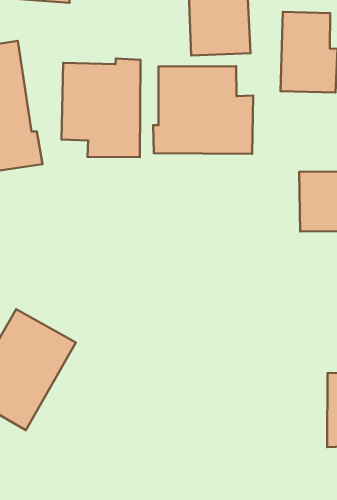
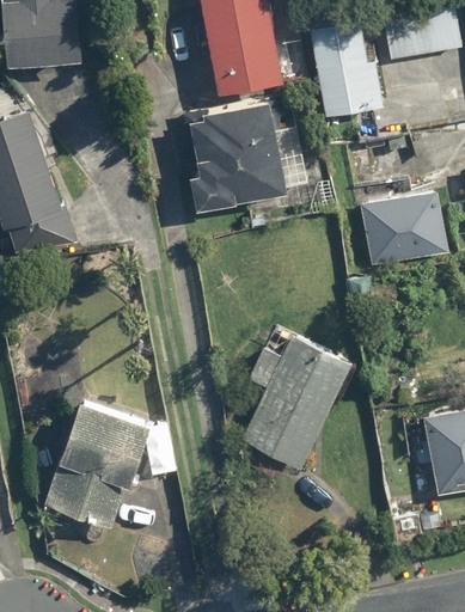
building: [62,59,141,157] -> none
building: none -> [243,337,354,470]

